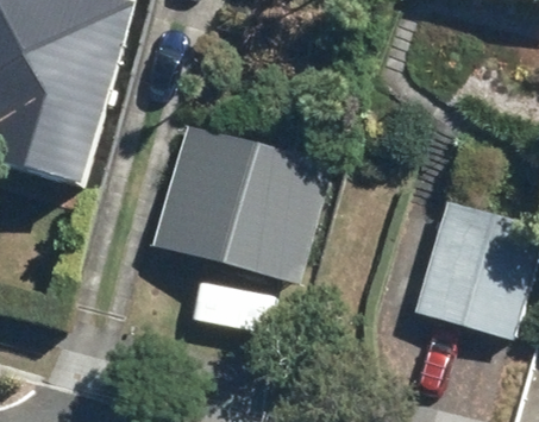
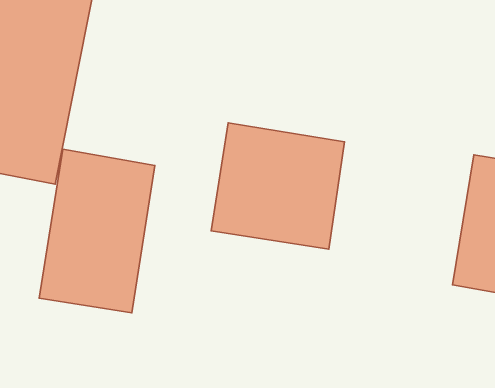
building: none -> [39,149,155,313]

